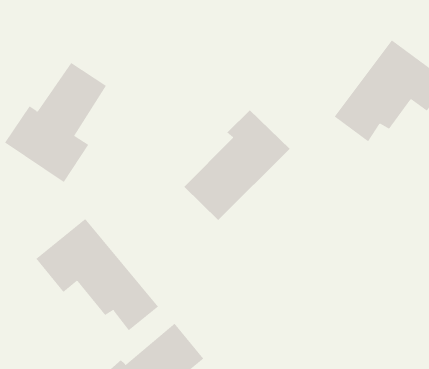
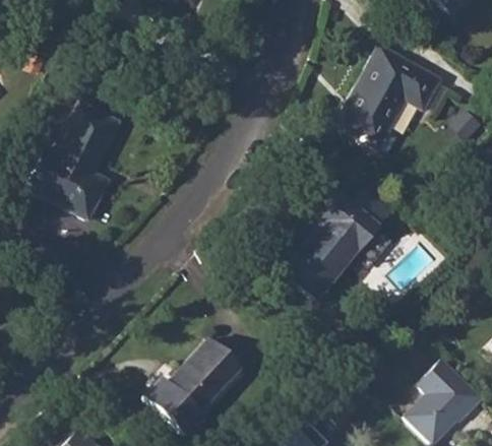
building: [184,109,290,221] -> [283,193,379,302]
building: [35,218,159,331] -> none

